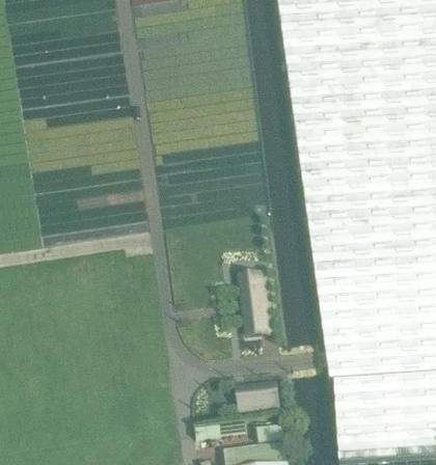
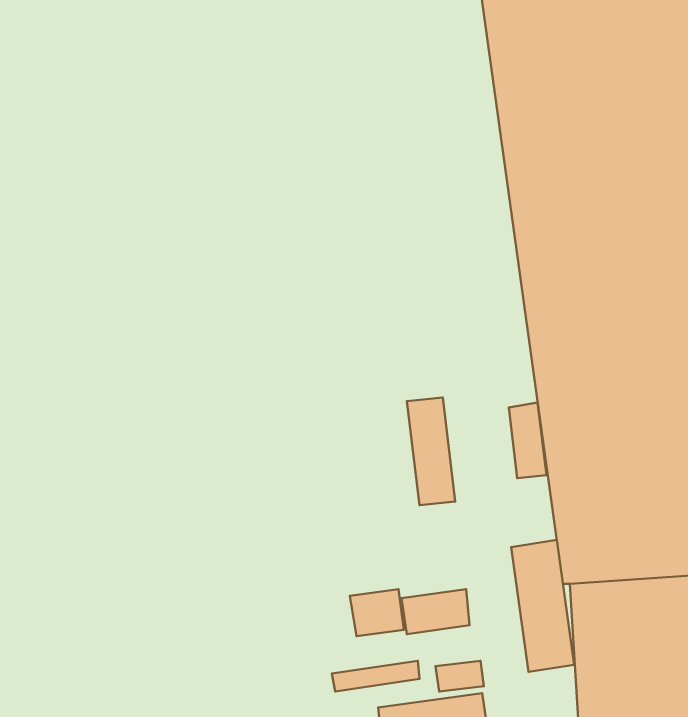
building: none -> [509,402,546,478]
building: none -> [511,540,574,672]
building: none -> [350,589,404,636]

